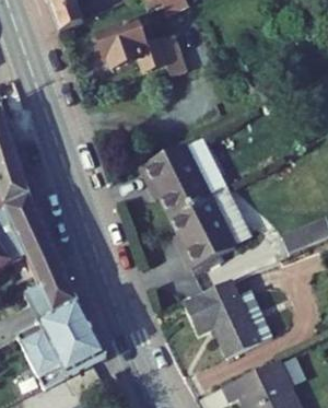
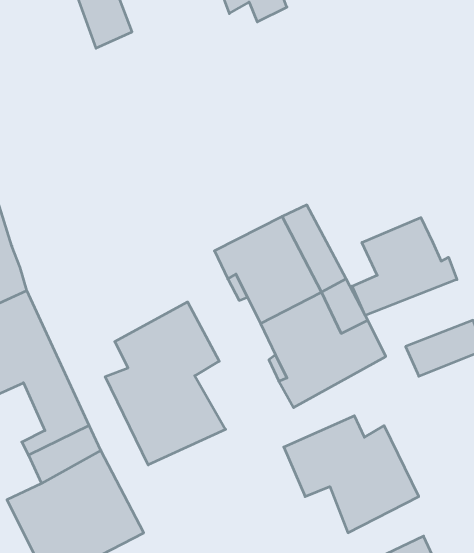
building: [107,23,196,77] -> none
building: none -> [352,218,457,315]
building: none -> [105,302,226,465]

